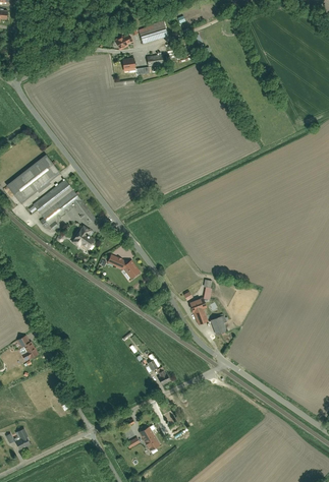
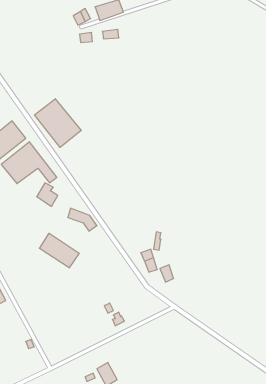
building: none -> [35,99,81,147]
building: none -> [39,233,79,268]

